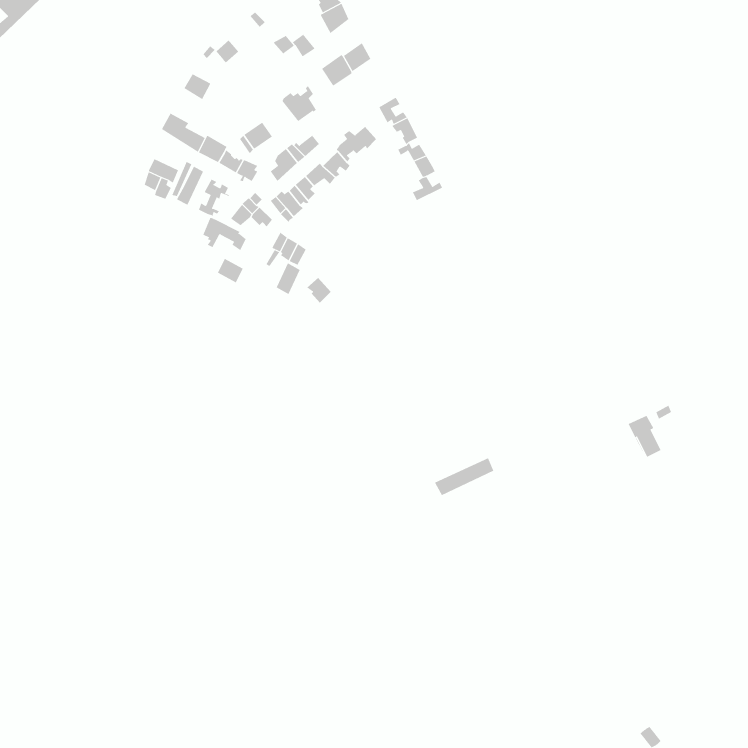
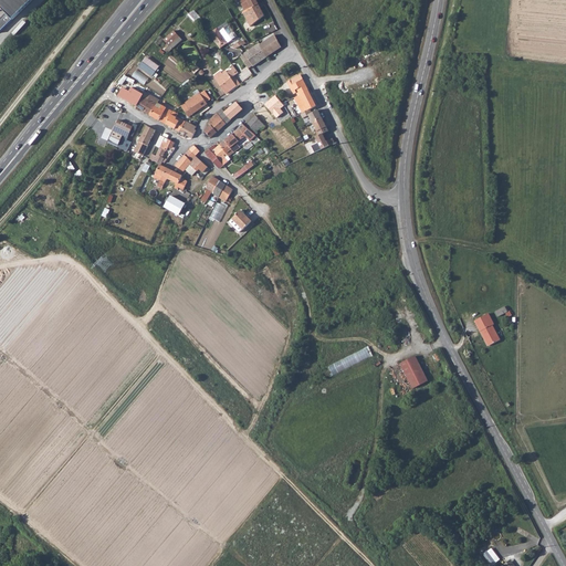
building: none -> [399,356,427,388]

